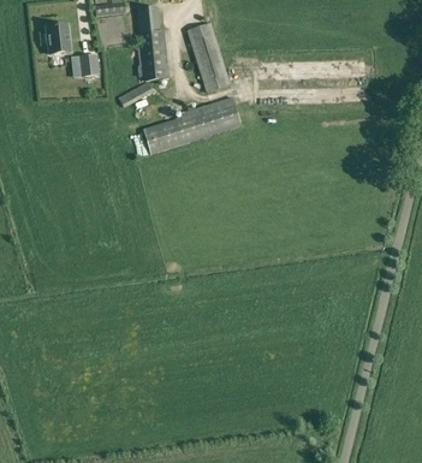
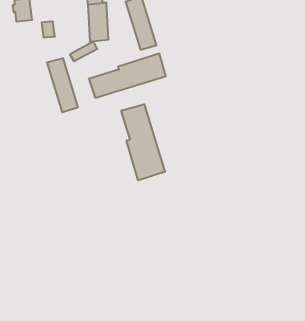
building: none -> [47,58,78,112]
building: none -> [121,104,165,180]

